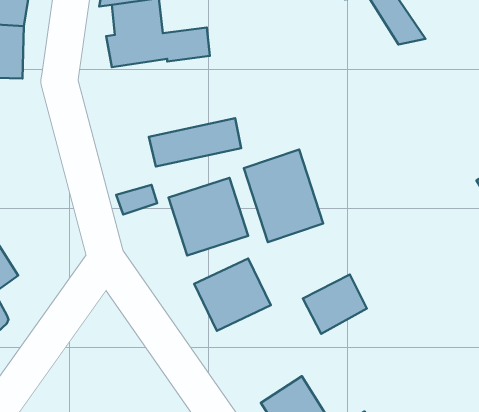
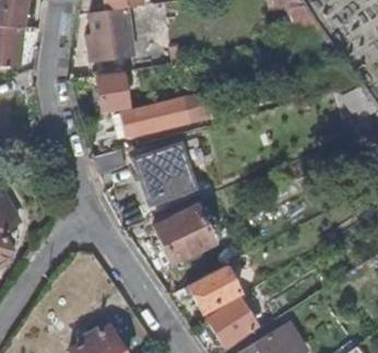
building: none -> [95,68,141,114]
building: [244,150,323,242] -> none
building: [303,274,367,334] -> [188,266,237,311]

